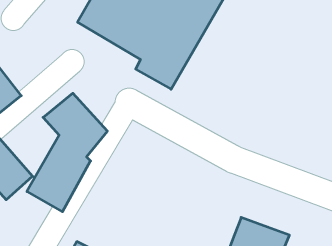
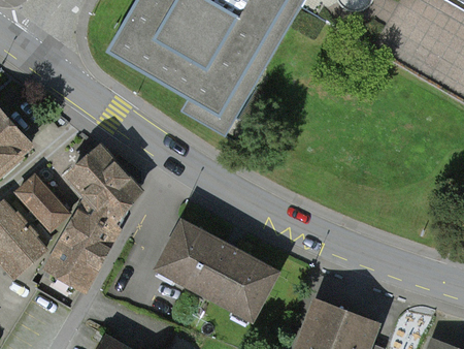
building: none -> [11,172,70,232]
building: none -> [155,217,283,322]

